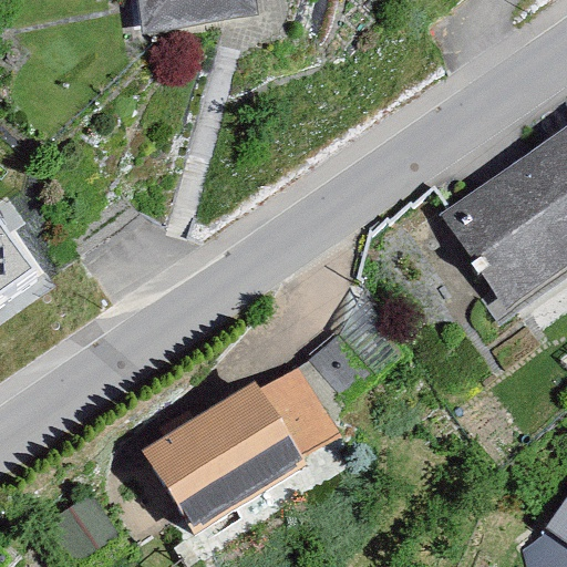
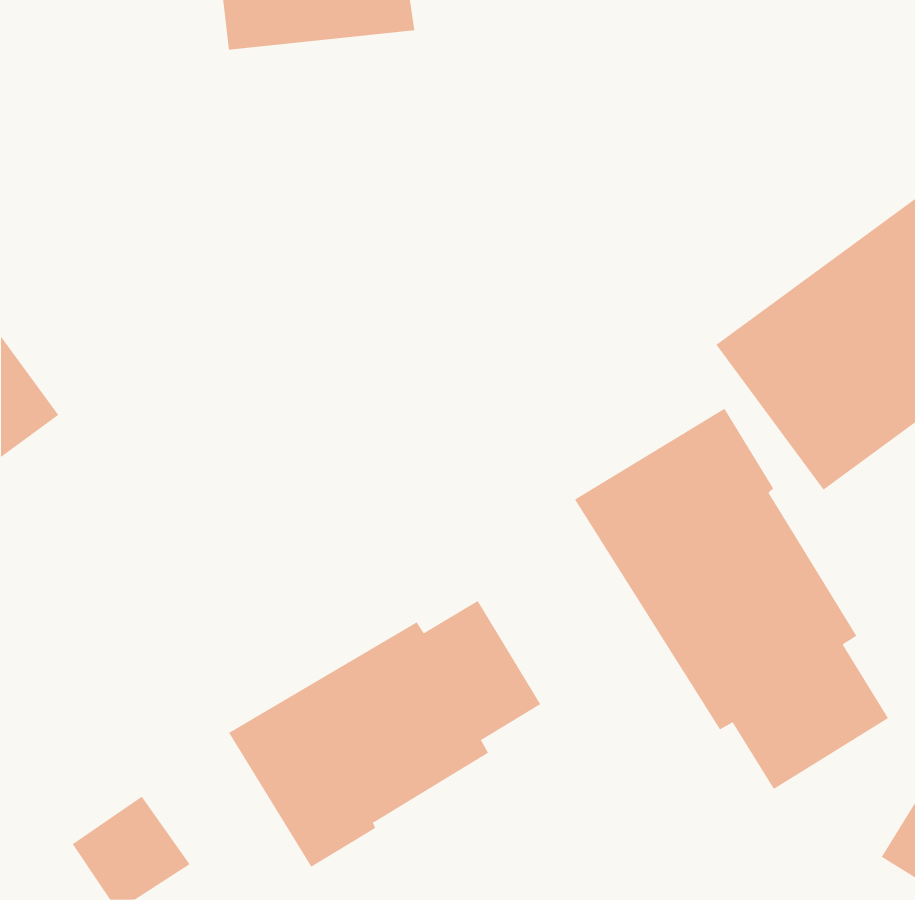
building: none -> [574,408,889,790]

